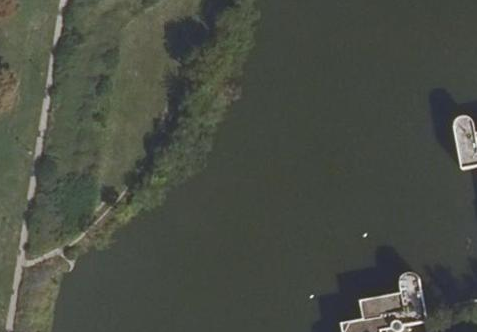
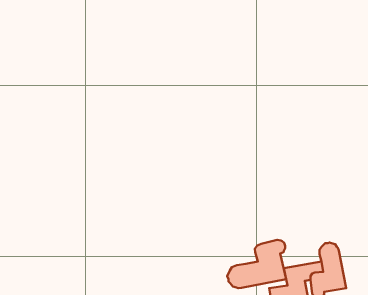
building: none -> [227,240,286,288]

